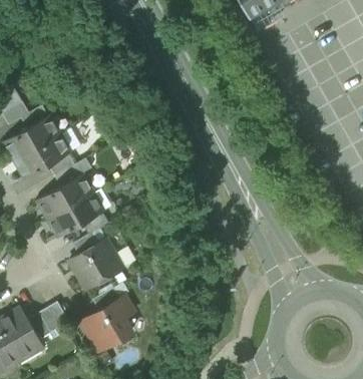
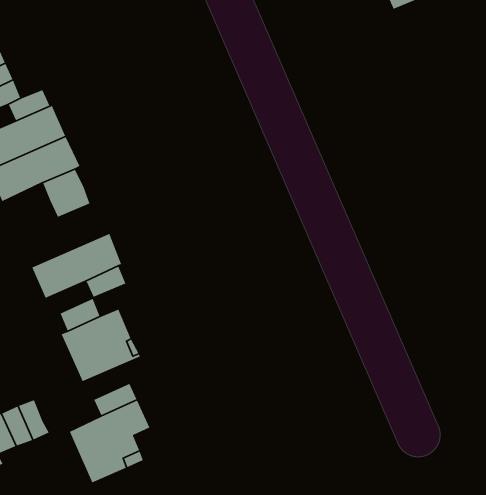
building: [35,172,93,219] -> none

